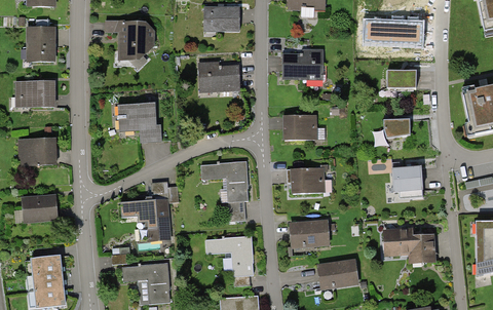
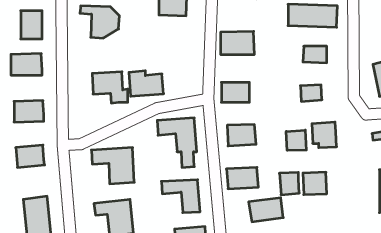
building: [196,62,239,93] -> [129,71,164,96]
building: none -> [286,130,306,150]
building: [412,235,437,263] -> [279,172,299,195]

